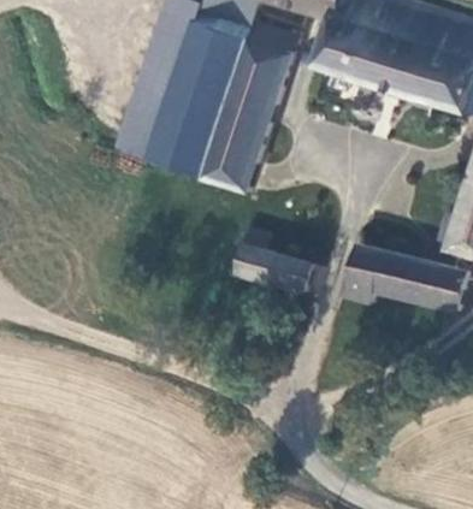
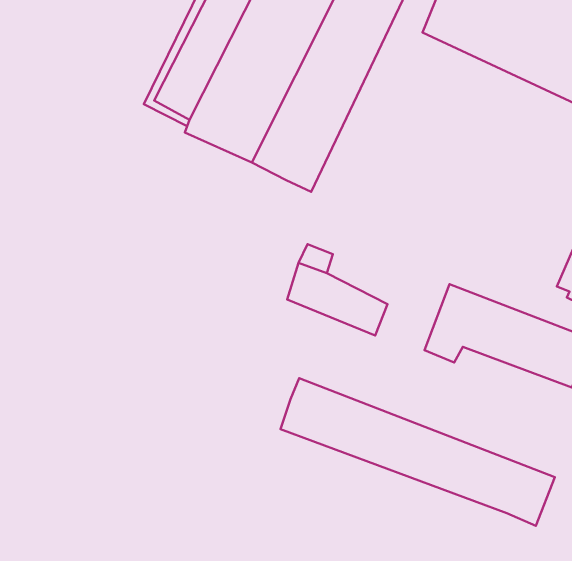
building: none -> [281,378,555,526]

